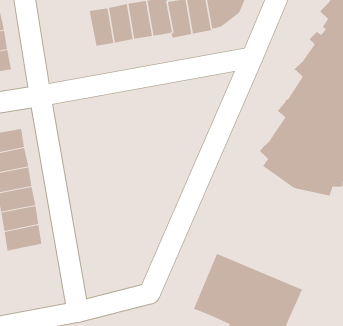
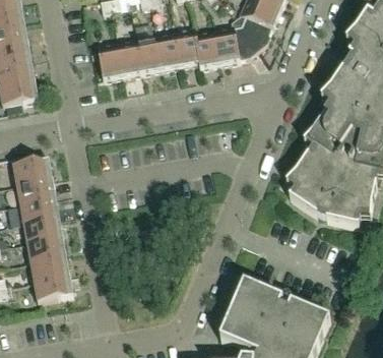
building: none -> [95,40,122,78]
building: none -> [33,274,72,300]

